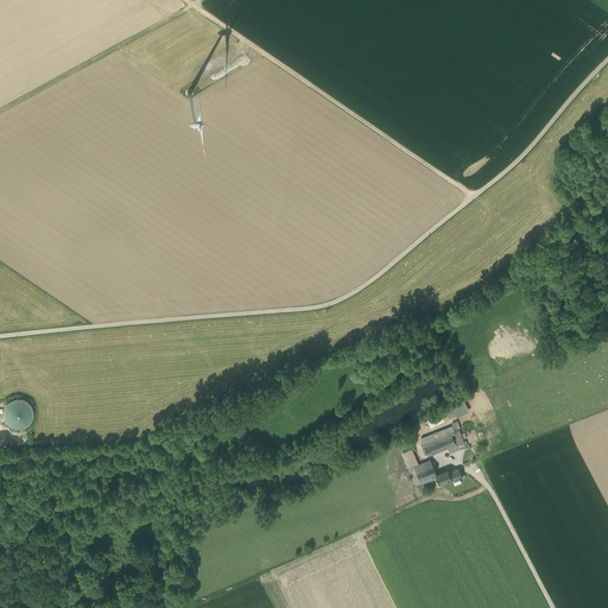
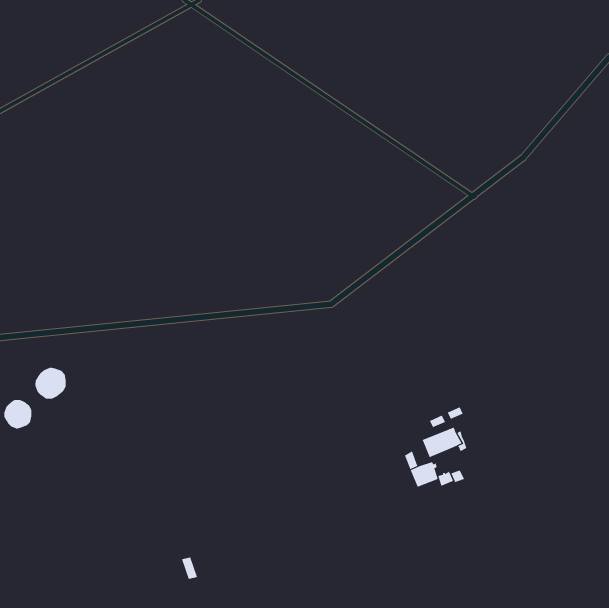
building: none -> [35,367,66,400]

